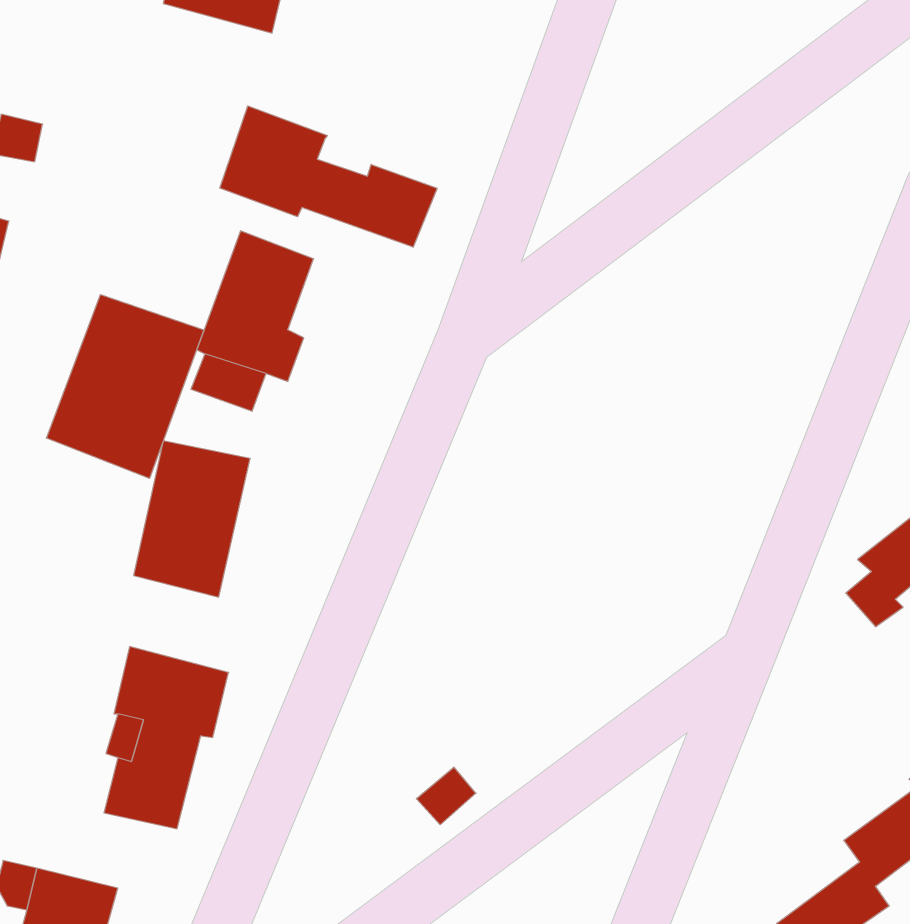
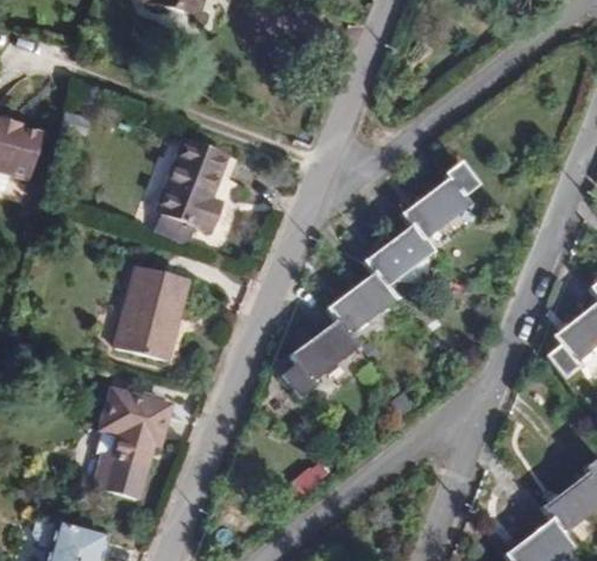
building: [220,106,437,247] -> none
building: none -> [282,162,478,397]
building: [46,295,204,478] -> none

